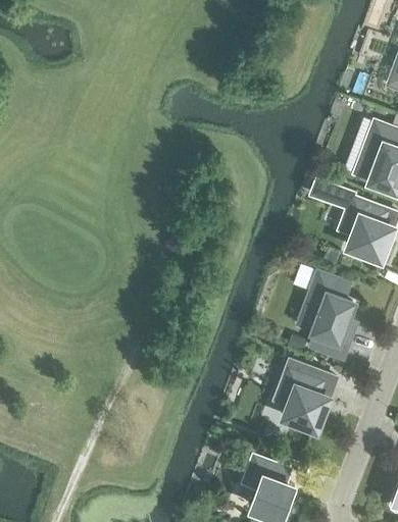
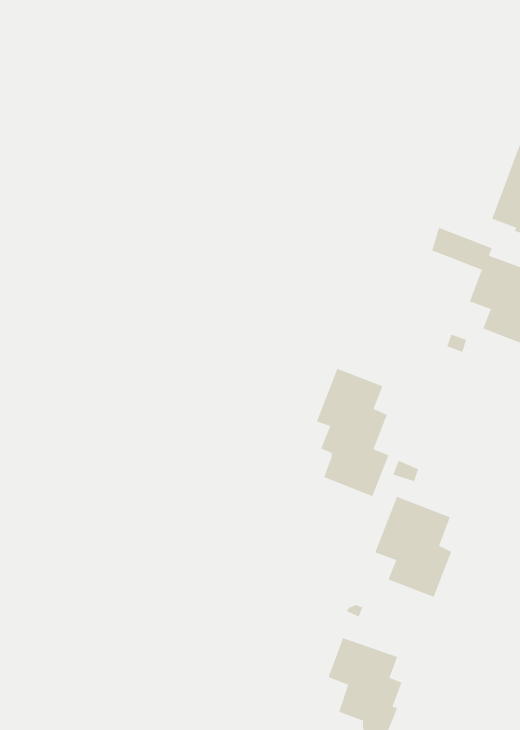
building: [303,272,353,360] -> [316,368,389,497]

